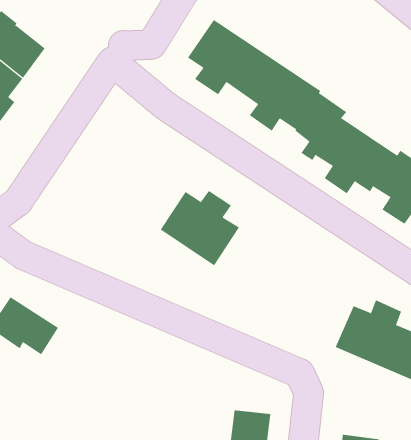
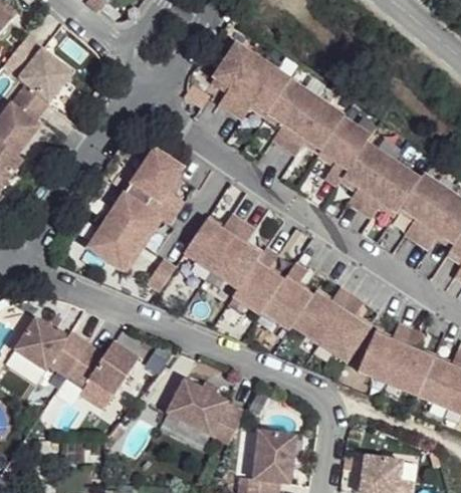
building: none -> [88,148,185,271]
building: none -> [233,245,371,360]
building: none -> [66,341,139,394]
building: none -> [167,379,245,444]

